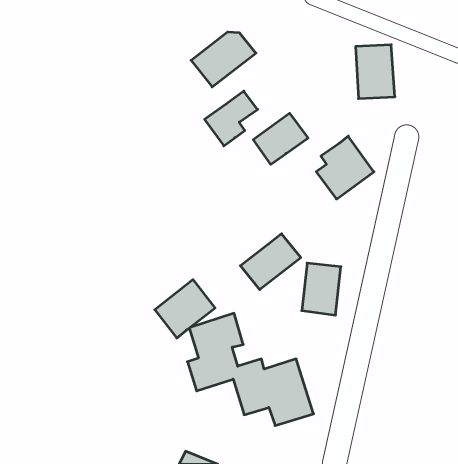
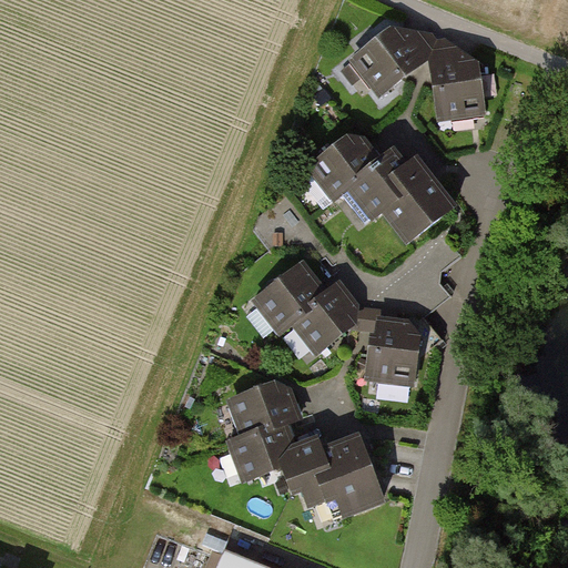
building: [191,32,256,87] -> [353,31,432,98]
building: [205,91,258,146] -> [347,152,412,219]
building: [155,280,215,338] -> [253,262,326,333]

